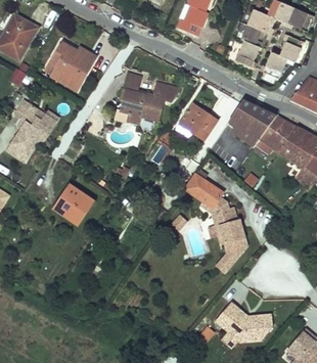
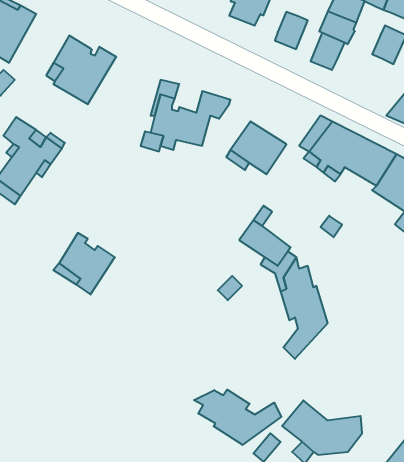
building: [263,52,286,79] -> [275,12,308,49]
building: none -> [194,390,281,445]

